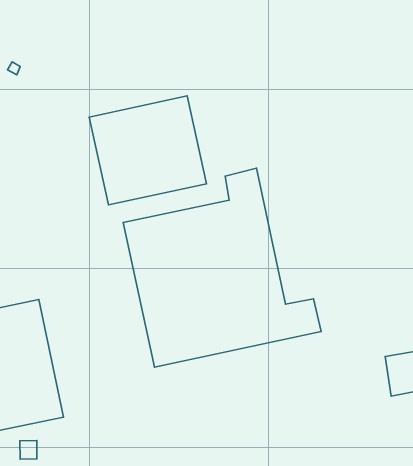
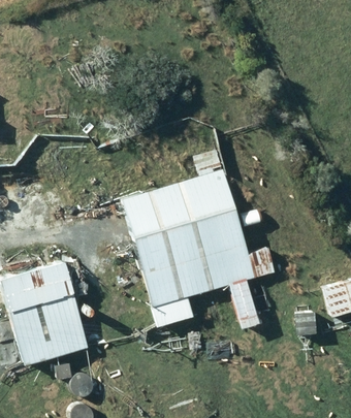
building: [89,96,206,205] -> none

